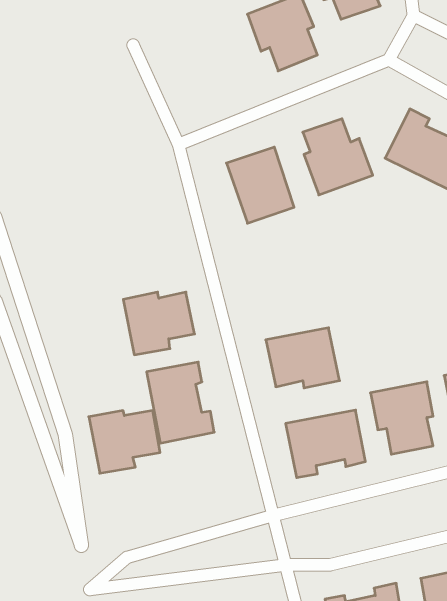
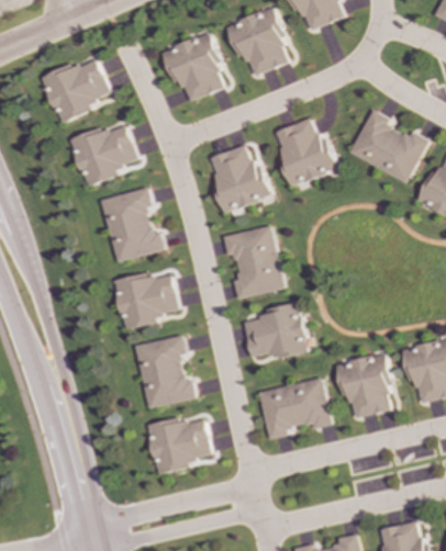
building: none -> [160,32,223,101]
building: none -> [42,59,111,123]
building: none -> [70,125,137,187]
building: none -> [102,189,165,261]
building: none -> [223,226,282,297]
building: [89,411,160,473] -> [147,418,211,474]

